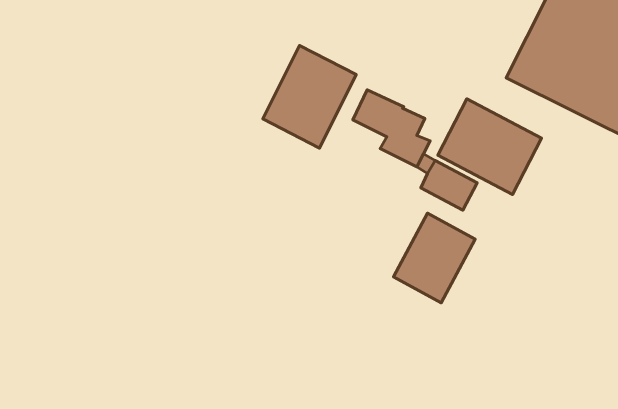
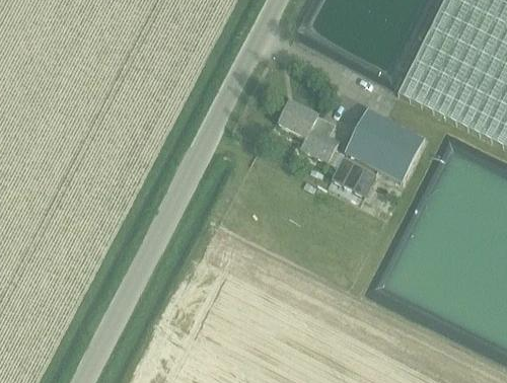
building: [263,46,356,148] -> none
building: [394,213,475,303] -> none

